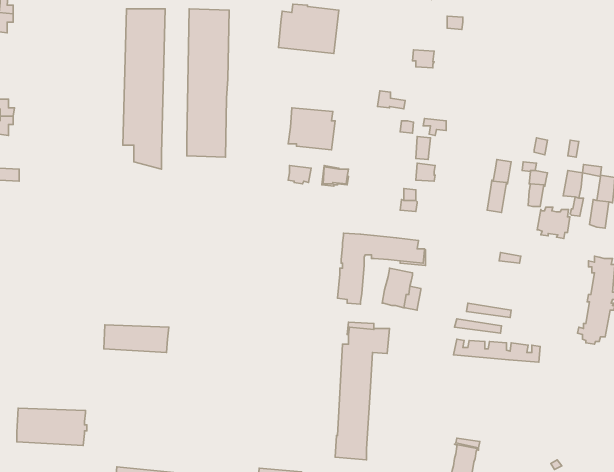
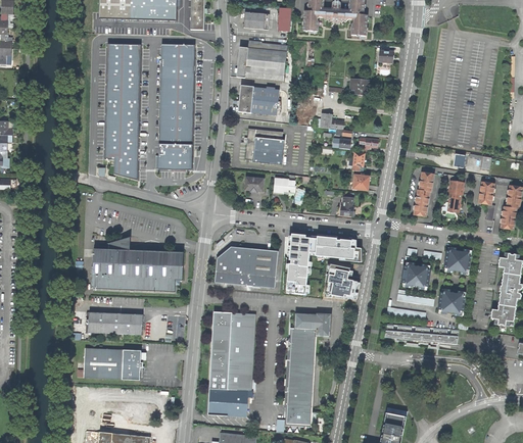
building: none -> [238,85,280,114]
building: [537,207,570,238] -> [443,248,471,275]
building: none -> [92,236,183,291]
building: none -> [213,247,277,288]
building: none -> [400,262,430,289]
building: none -> [437,289,464,316]
building: none -> [207,311,255,416]
building: [17,408,87,445] -> [83,348,142,380]

